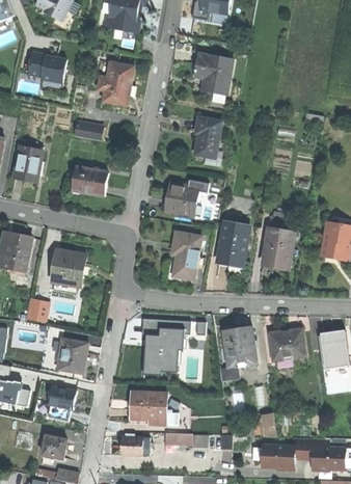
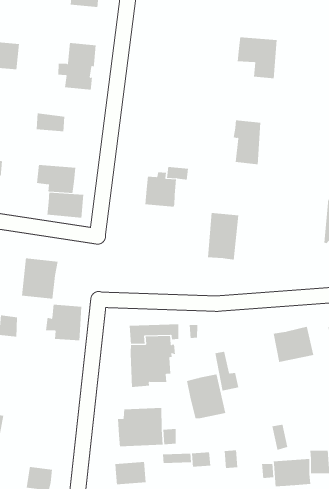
building: [194,55,232,95] -> [237,37,277,79]
building: [194,117,220,159] -> [233,120,261,165]
building: none -> [47,192,84,218]
building: [261,225,295,270] -> none
building: [170,232,200,279] -> none
building: [224,327,258,366] -> [186,374,226,419]
building: [53,340,87,374] -> [45,304,82,341]
building: [48,386,75,409] -> none

